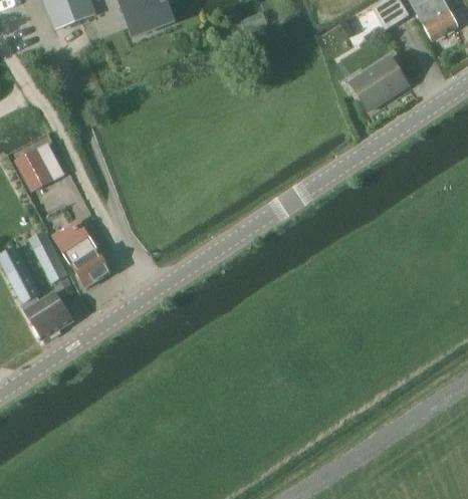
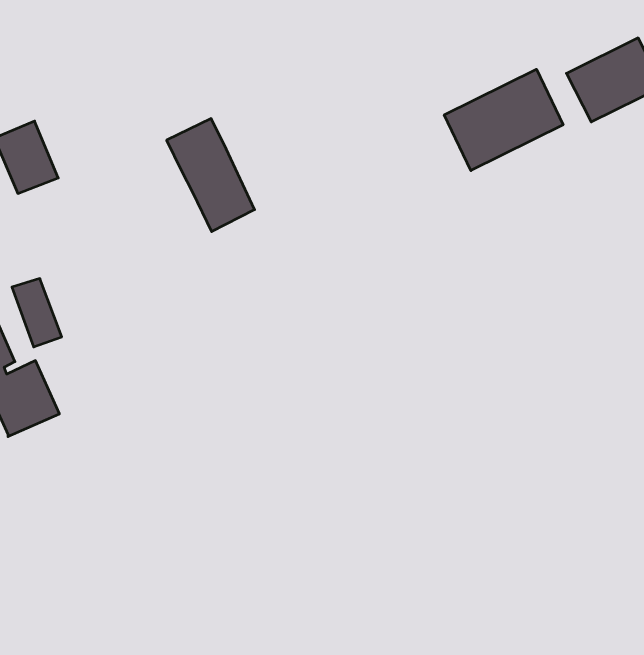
building: none -> [444,69,563,171]
building: [52,219,109,286] -> [167,119,255,232]

